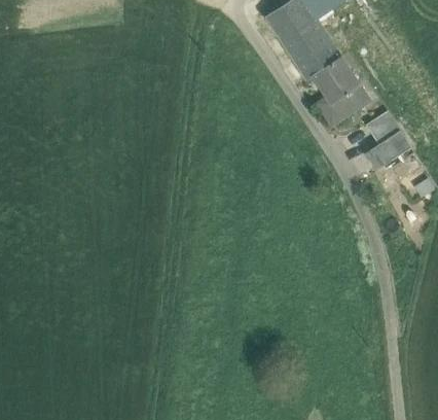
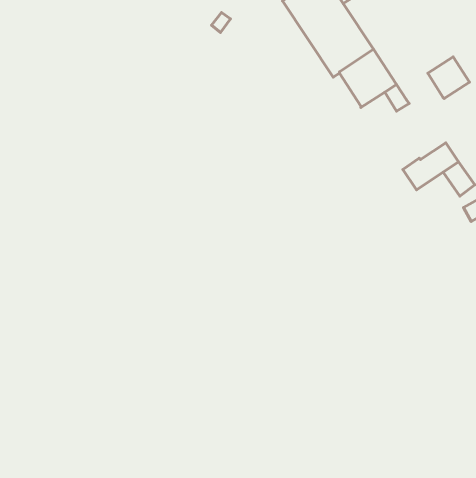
building: [326,92,359,120] -> none
building: [365,112,399,146] -> [428,57,470,99]

